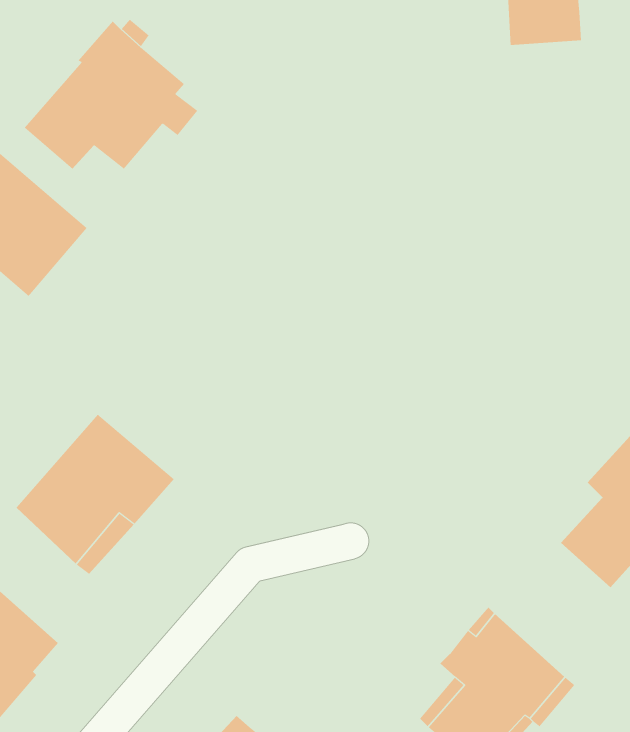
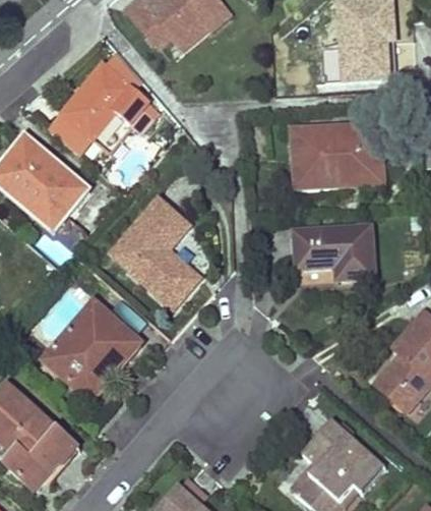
building: none -> [293,123,382,186]
building: none -> [112,198,198,304]
building: none -> [295,225,373,276]

